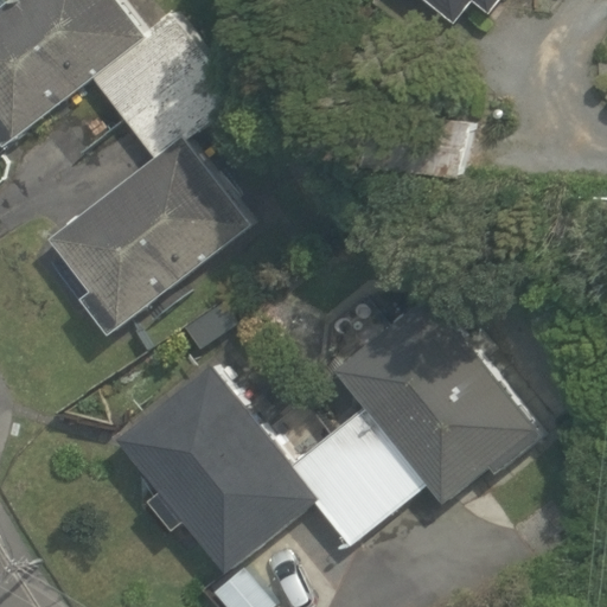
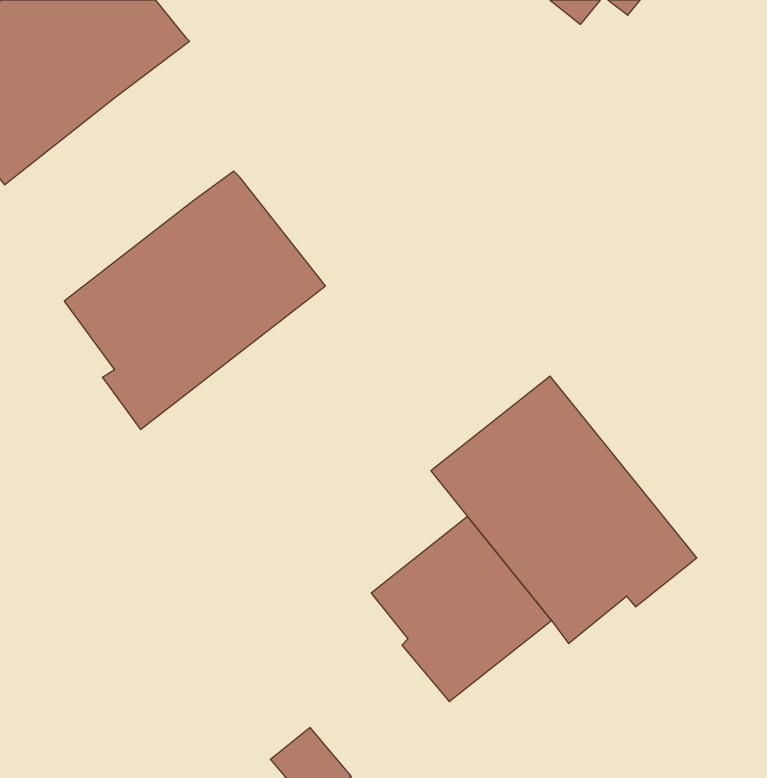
building: [89,13,237,158] -> none
building: [119,364,317,573] -> none

